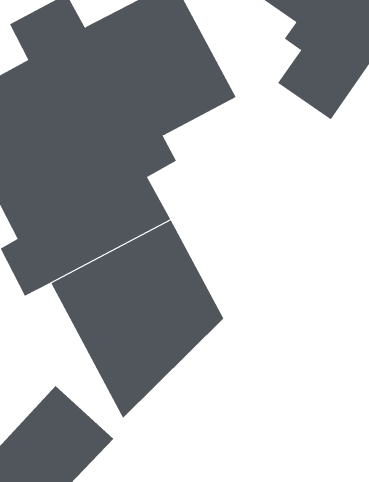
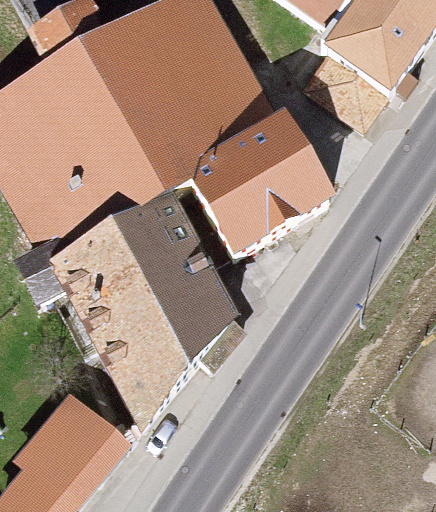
building: none -> [198,111,329,247]

